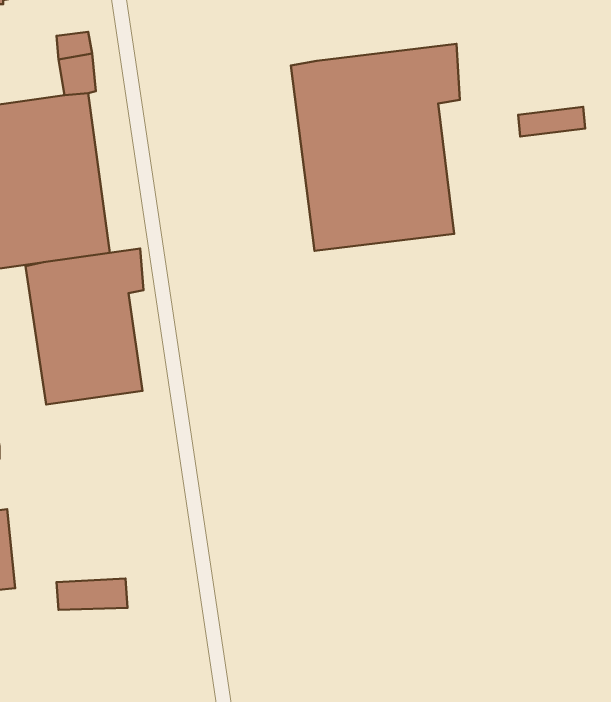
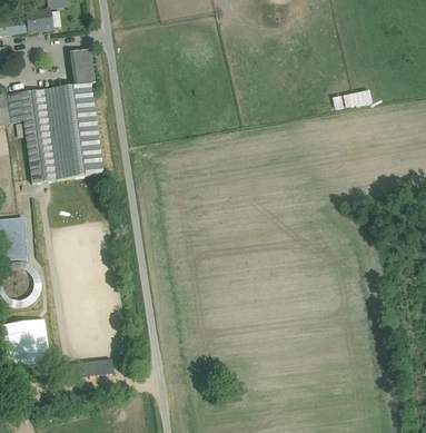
building: [291,44,460,251] -> none
building: [25,249,144,404] -> none

